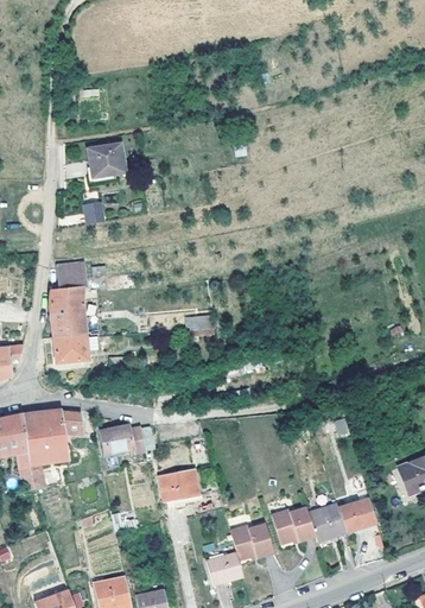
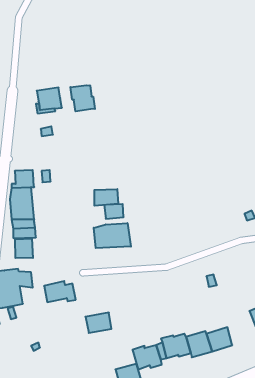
building: none -> [70,85,95,111]
building: none -> [94,189,118,206]
building: none -> [94,223,131,248]
building: none -> [15,239,33,258]

